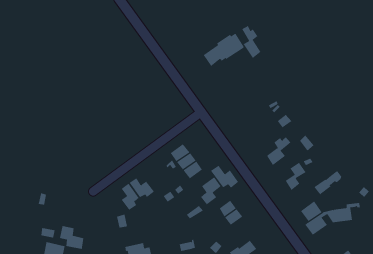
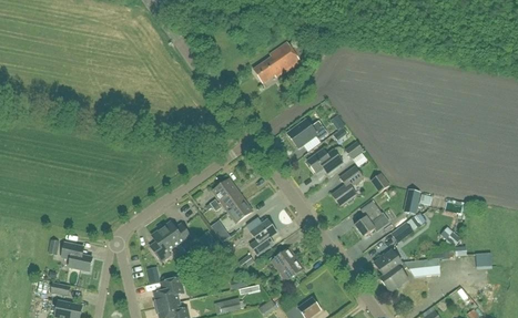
building: [241,25,261,59] -> none
building: none -> [287,120,327,148]
building: none -> [306,148,343,173]
building: [210,165,239,188] -> none
building: none -> [153,277,184,307]
building: [59,226,84,250] -> [61,242,92,271]

